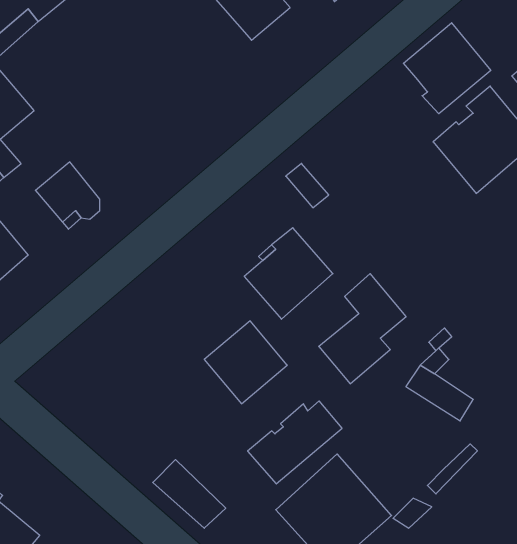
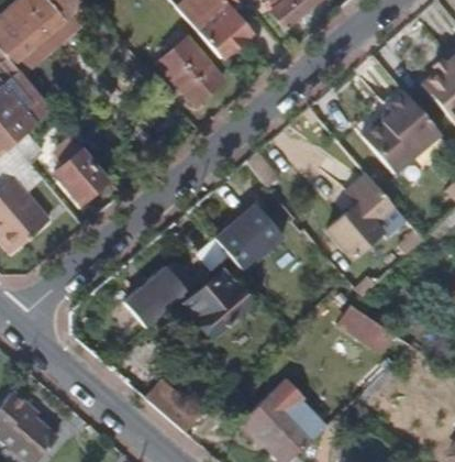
building: none -> [159,37,224,105]
building: [403,23,491,114] -> none
building: [319,274,406,384] -> [328,174,395,258]
building: [248,401,342,484] -> [124,264,197,328]

